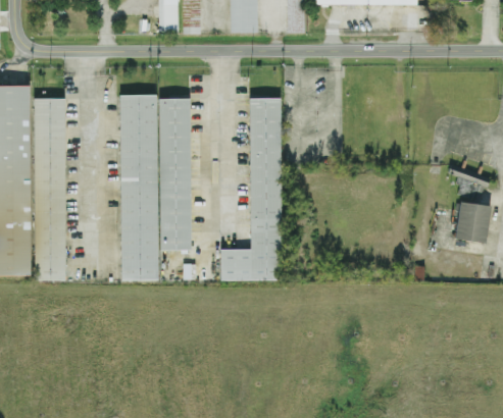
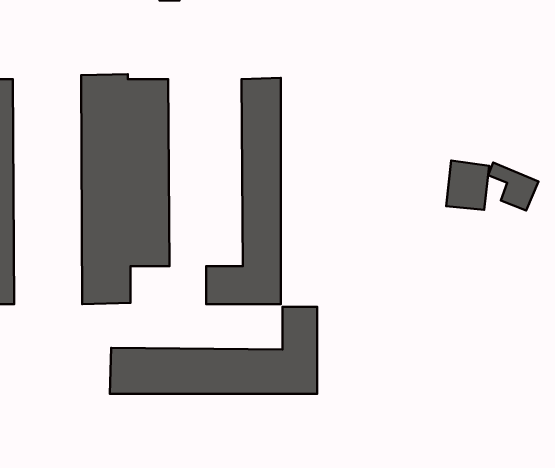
building: [456,201,491,241] -> [446,161,489,210]
building: none -> [110,307,317,394]

